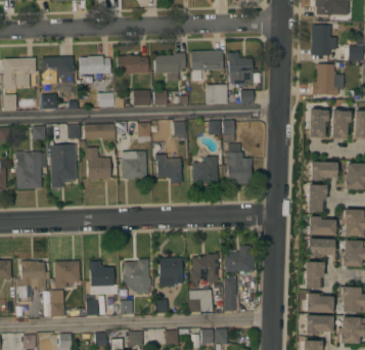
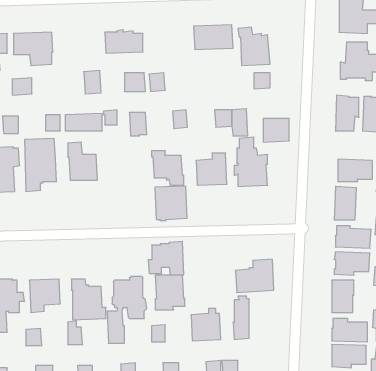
building: [154,53,185,81] -> none
building: [80,55,110,85] -> none
building: [206,85,227,104] -> [263,119,289,142]
building: [121,150,147,179] -> [155,186,187,221]
building: [189,254,219,281] -> [148,241,184,275]

